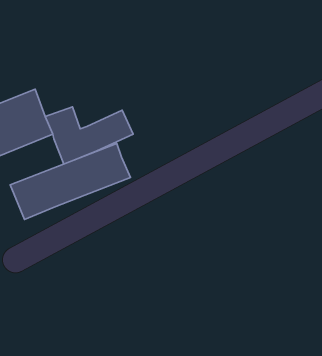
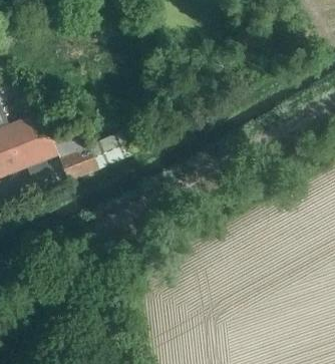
building: [10,143,130,219] -> none

